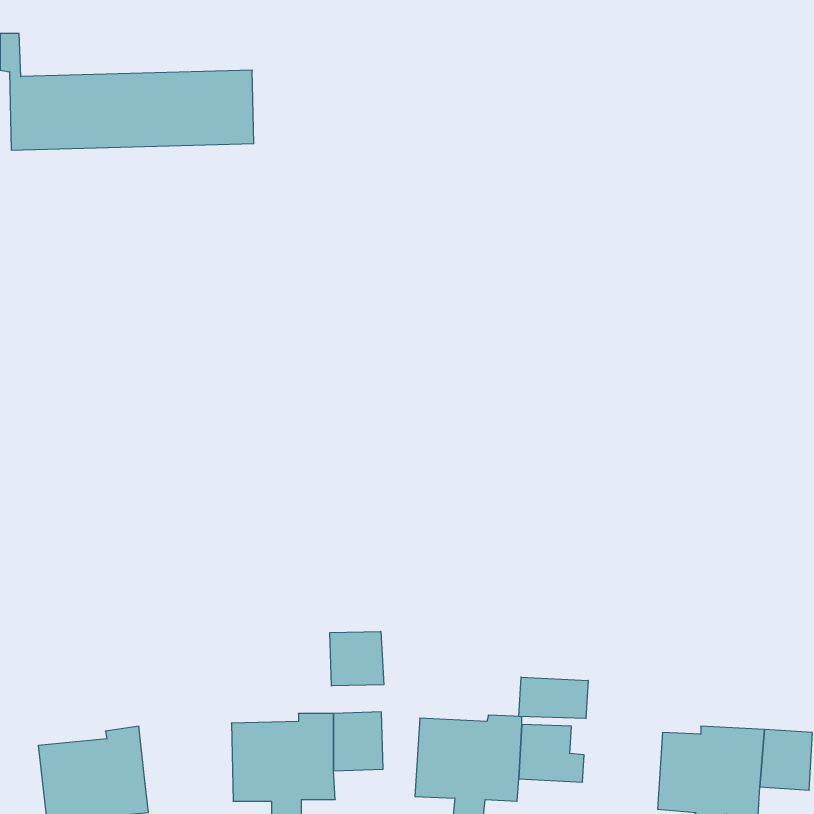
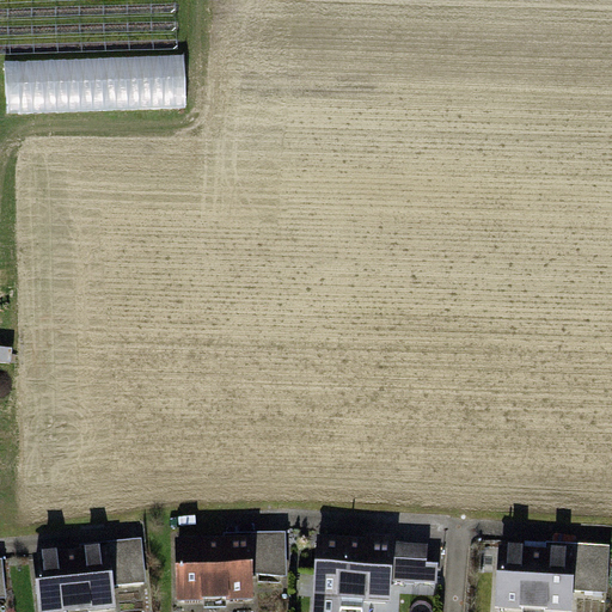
building: [330,631,384,686] -> none
building: [519,677,588,719] -> none
building: none -> [105,541,147,588]

